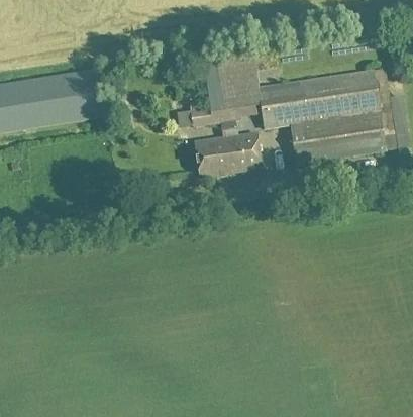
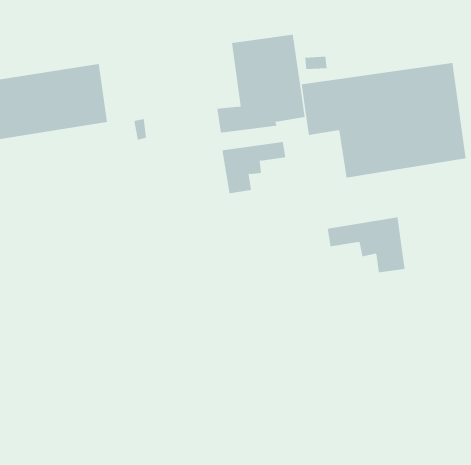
building: [214,131,260,174] -> none
building: none -> [327,217,405,273]

